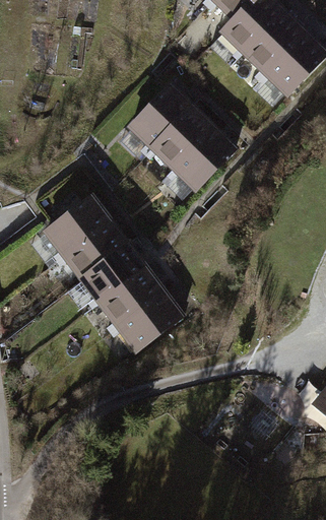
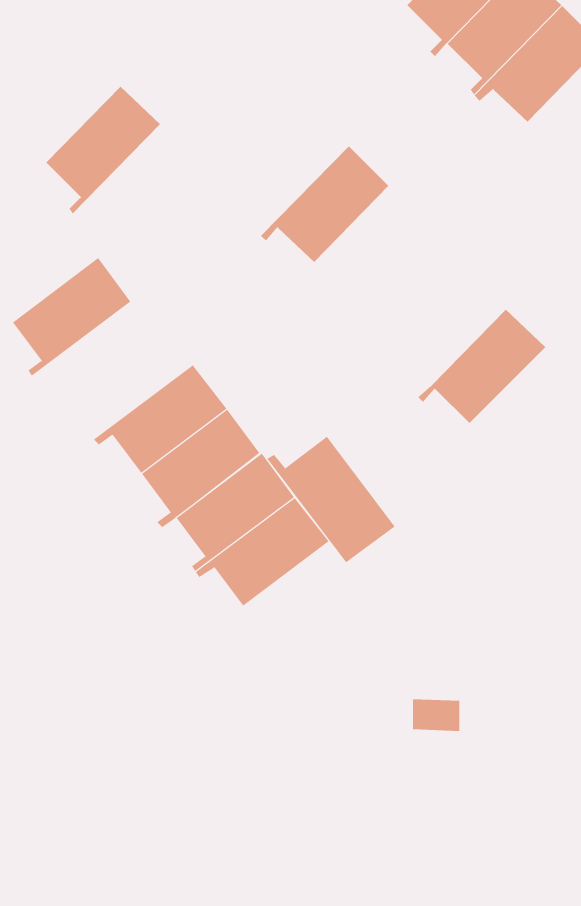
building: [130,85,191,153] -> [46,86,161,215]
building: [166,127,234,188] -> [418,309,546,424]
building: [46,198,109,261] -> [12,257,131,376]
building: none -> [266,436,395,563]

